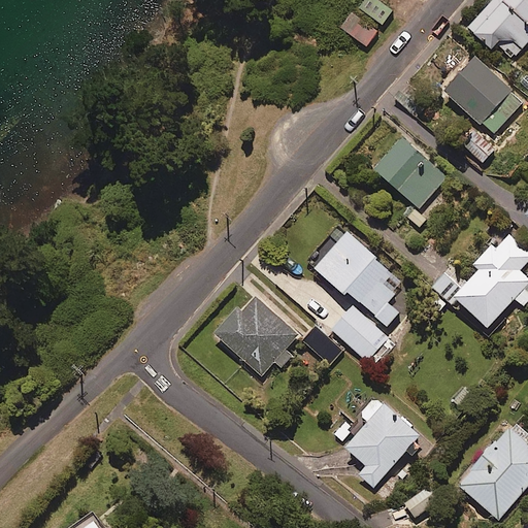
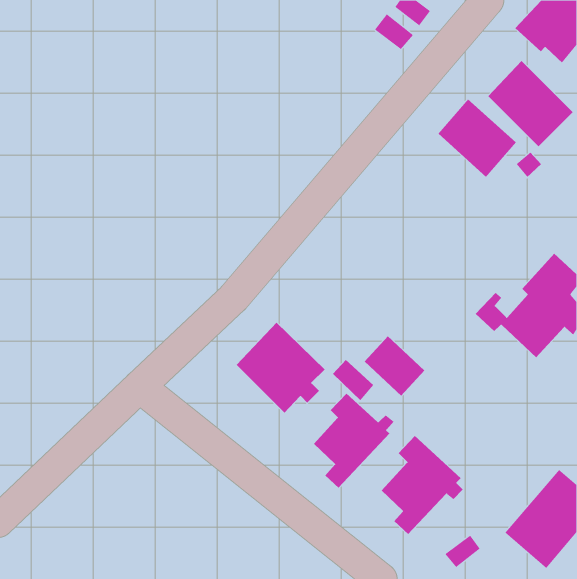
building: [373,136,446,208] -> [437,98,517,178]
building: [308,230,402,326] -> none
building: none -> [313,393,394,489]

